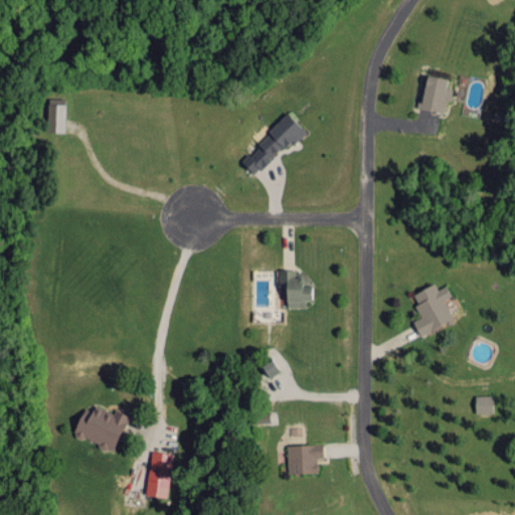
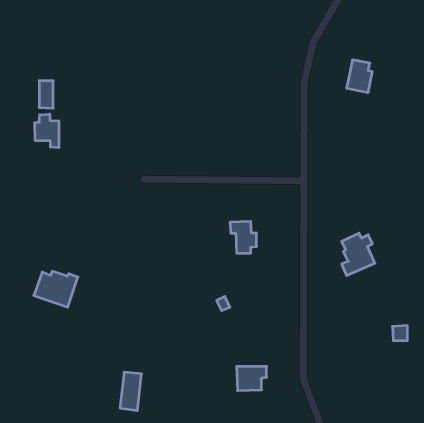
building: [241,115,307,176] -> none
building: none -> [35,114,59,148]
building: [74,408,128,452] -> [34,271,78,307]

